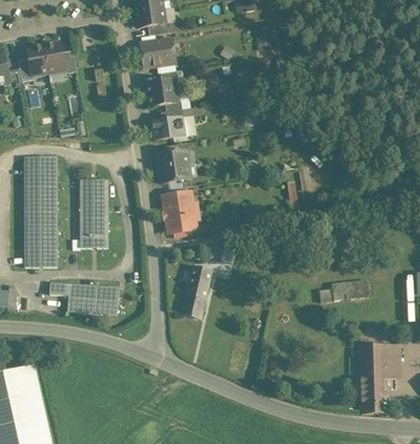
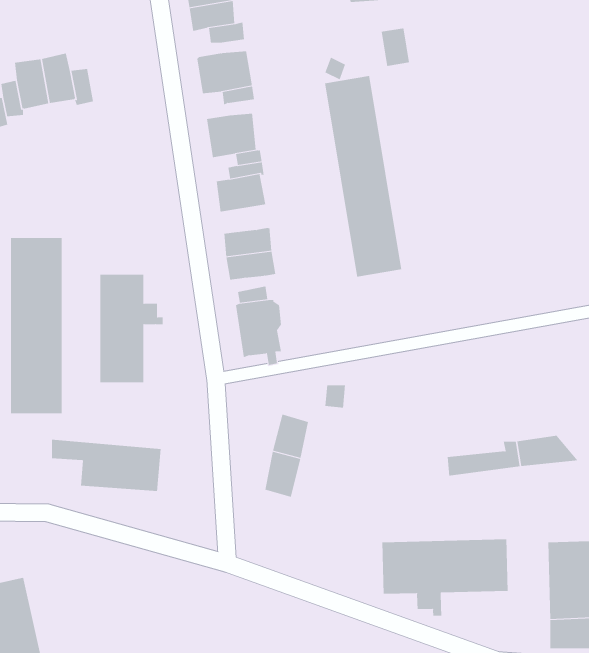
building: none -> [324,75,402,277]
building: none -> [382,539,508,616]

